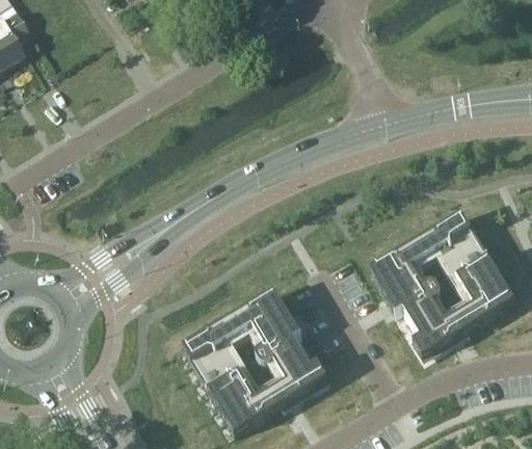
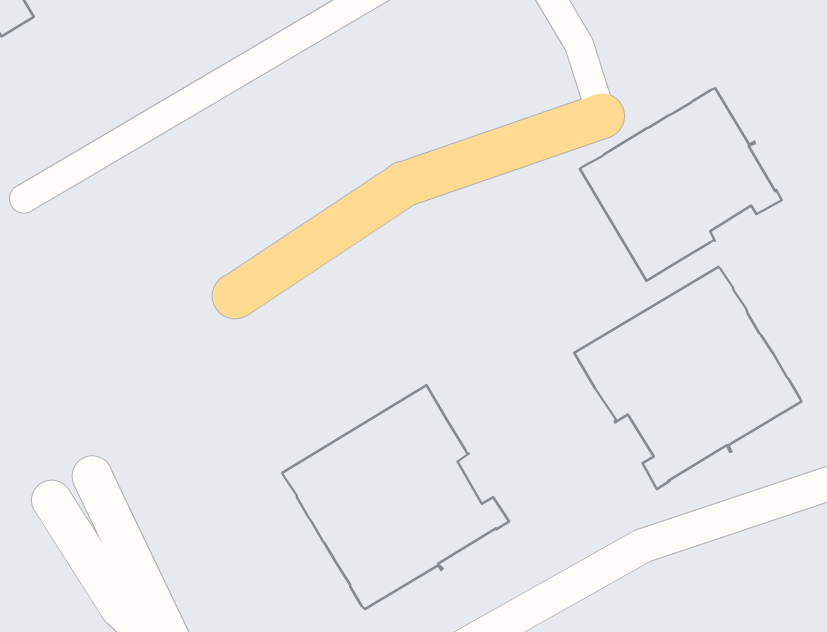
building: none -> [580,88,782,281]

